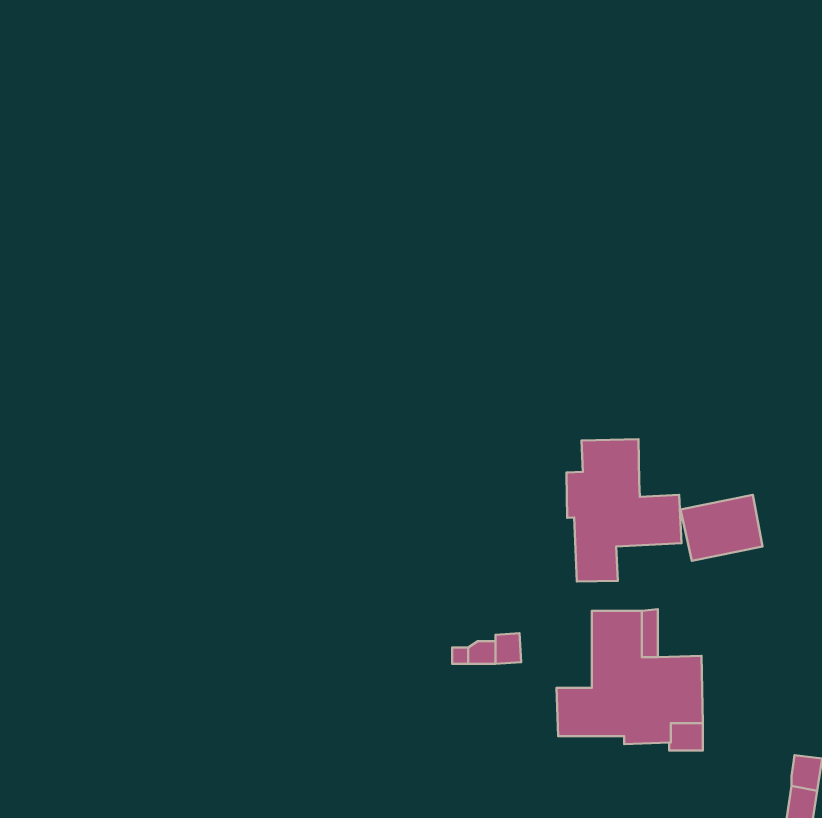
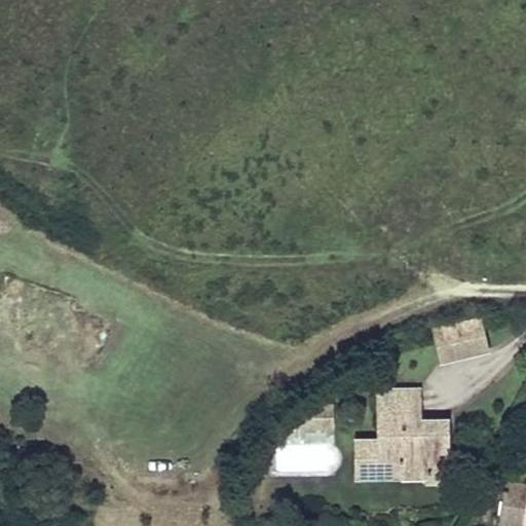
building: [567,439,681,581] -> none

